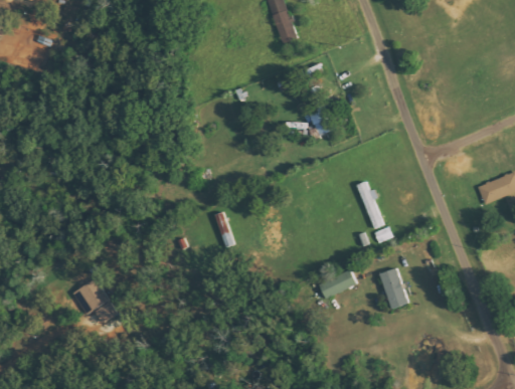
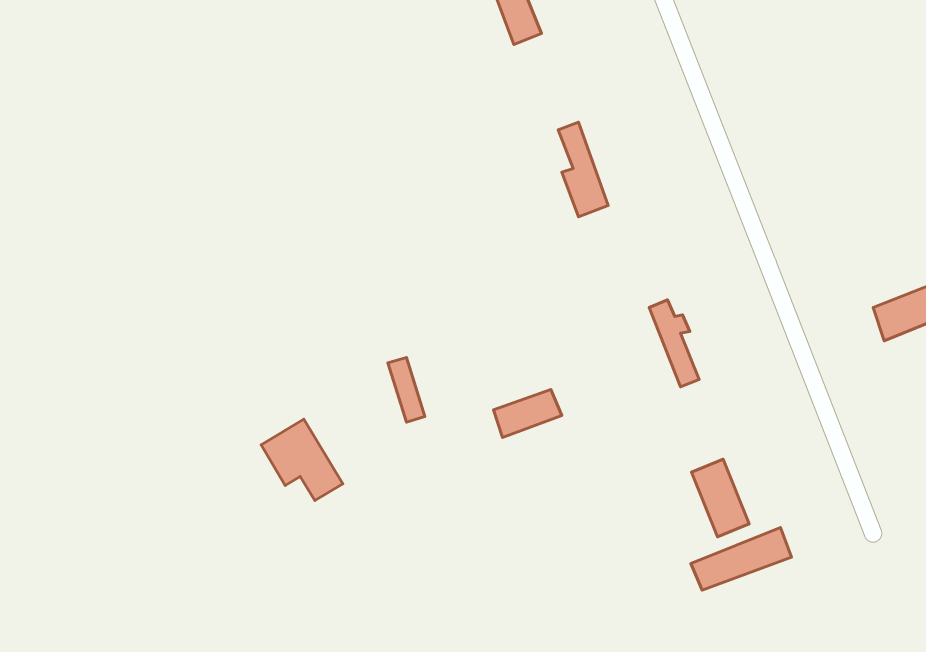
building: [320,270,357,297] -> [493,389,562,438]
building: [72,278,117,323] -> [261,419,343,500]
building: none -> [691,528,791,590]

